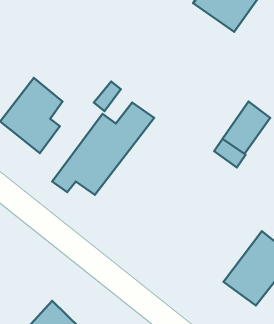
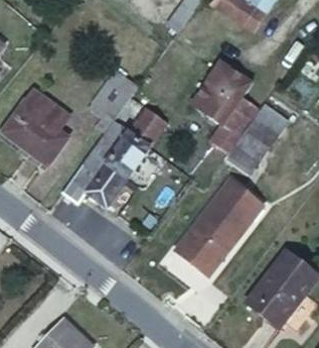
building: none -> [199,68,260,155]
building: none -> [175,177,264,273]

